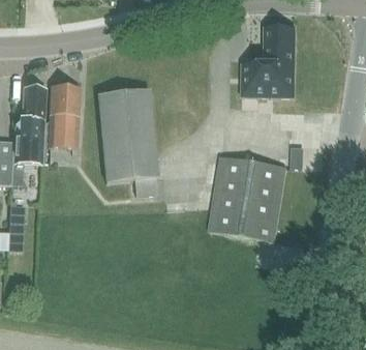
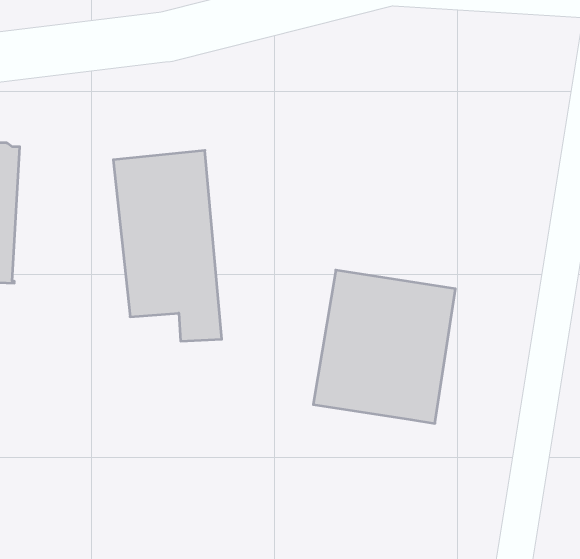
building: [242,20,296,95] -> none
building: [47,83,80,147] -> none

